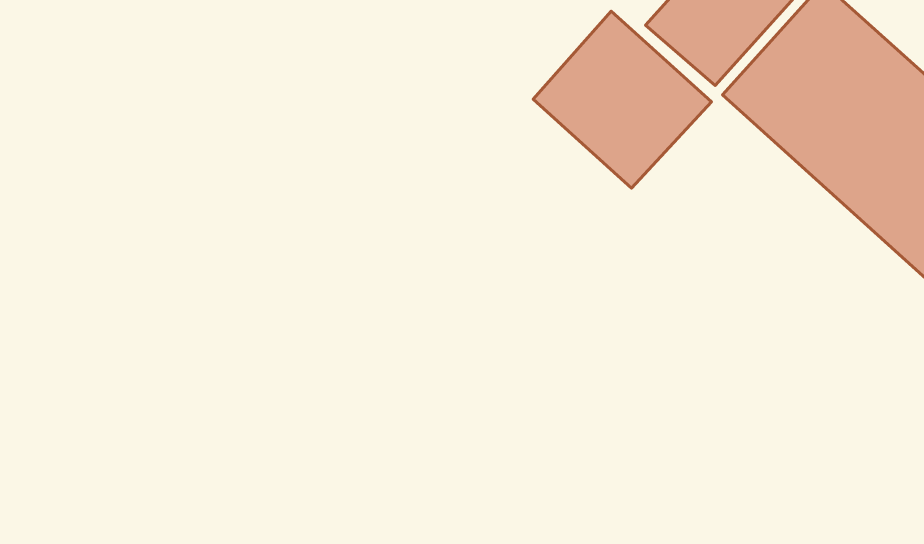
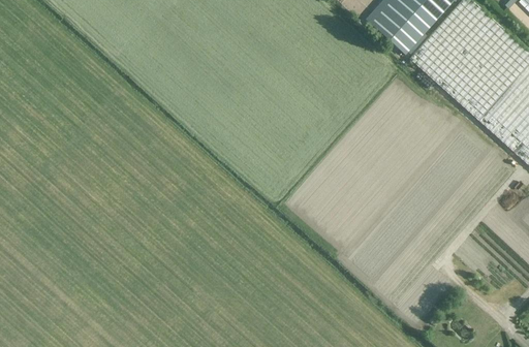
building: [533,11,711,188] -> none

